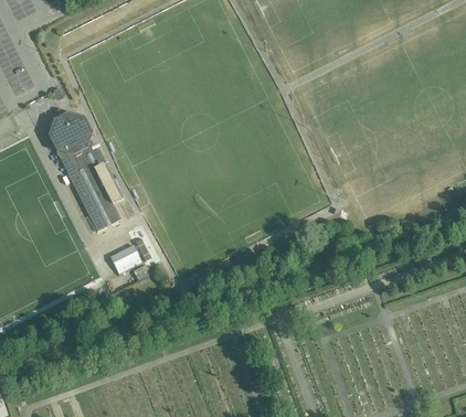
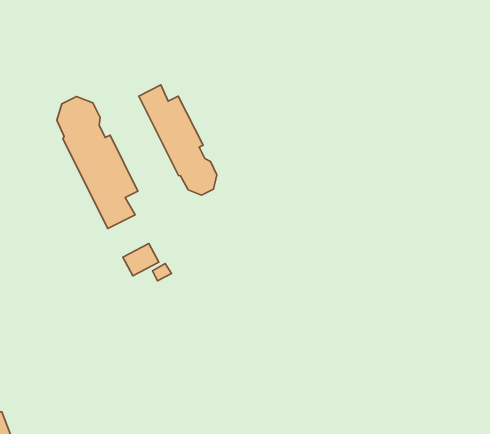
building: none -> [139,85,217,195]

